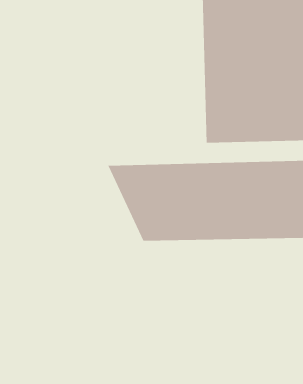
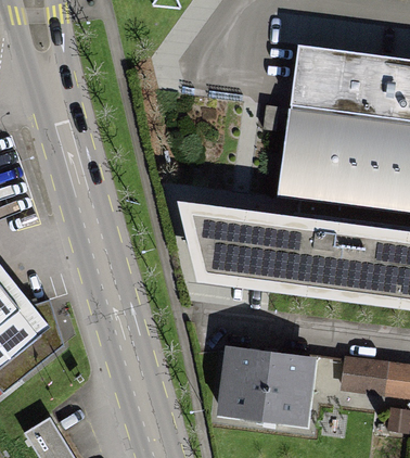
building: none -> [223,342,315,416]

